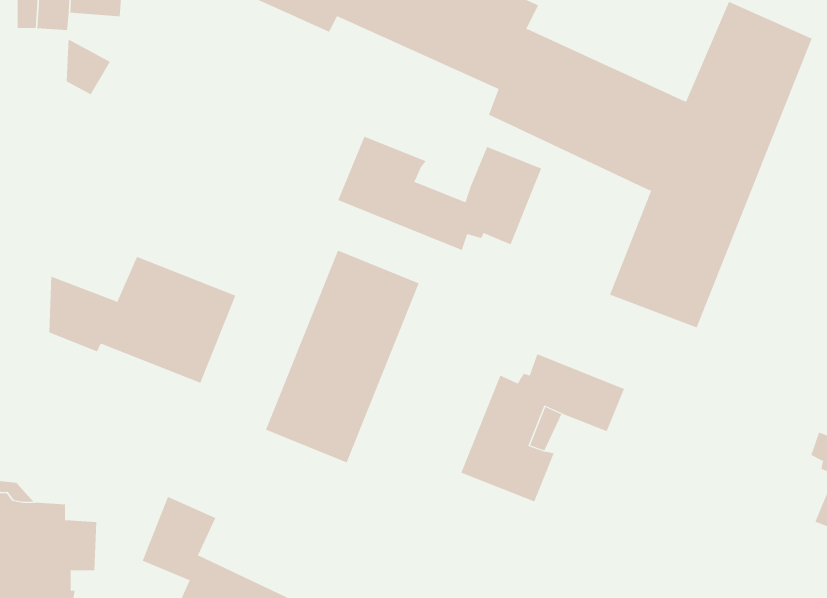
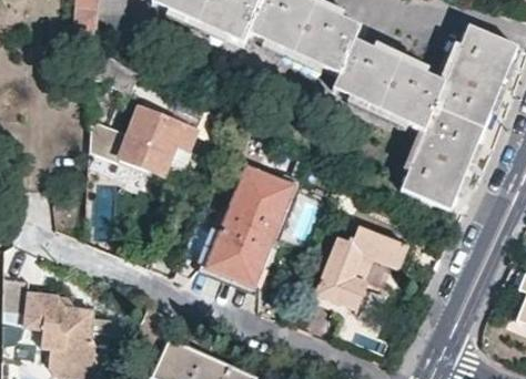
building: [338,136,542,251] -> none
building: [48,256,236,383] -> [89,106,195,178]

